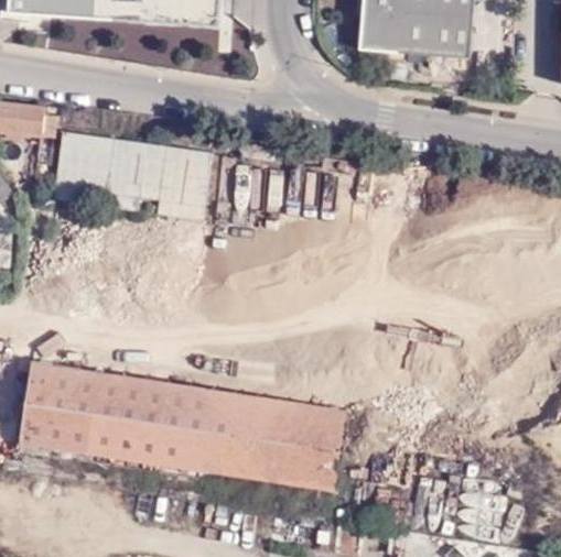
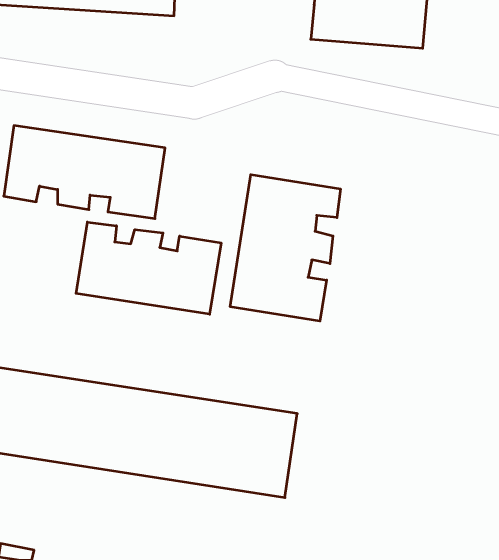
building: none -> [230,175,340,321]
building: none -> [76,222,221,314]

